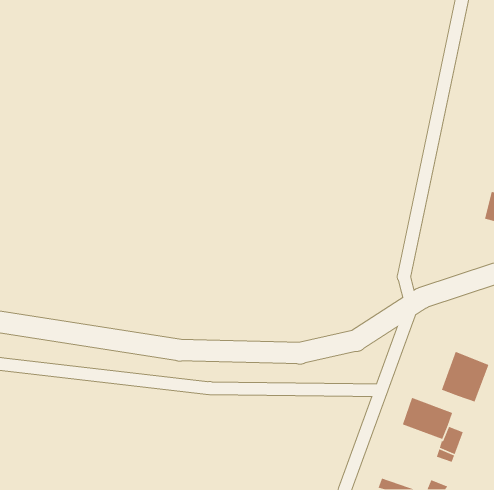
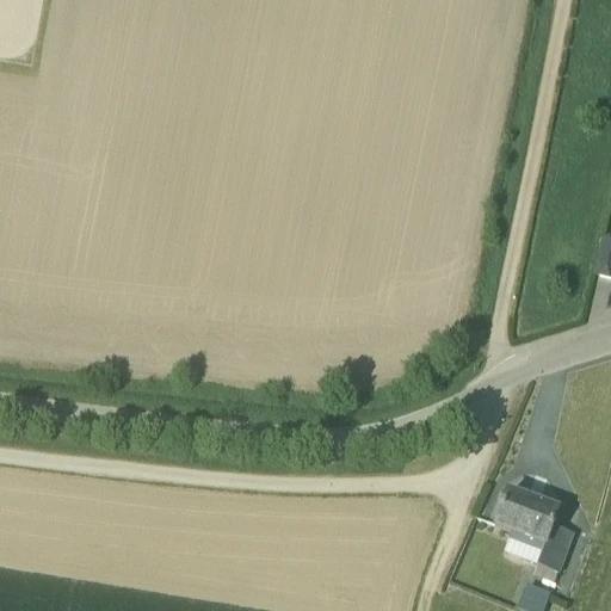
building: [441,351,490,403] -> none

